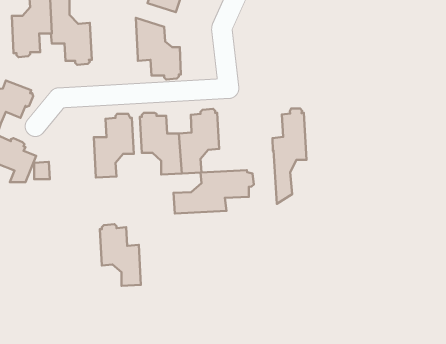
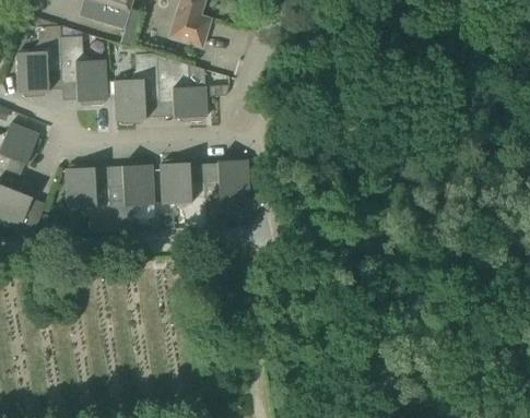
building: none -> [114,51,157,124]
building: [272,108,307,204] -> none
building: [174,170,254,213] -> none
building: [100,224,141,286] -> [64,163,110,231]

